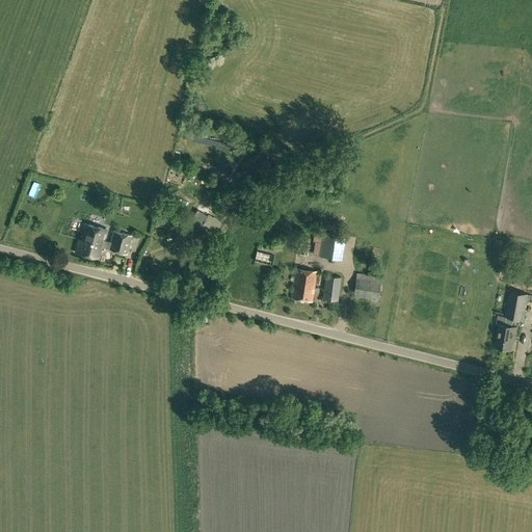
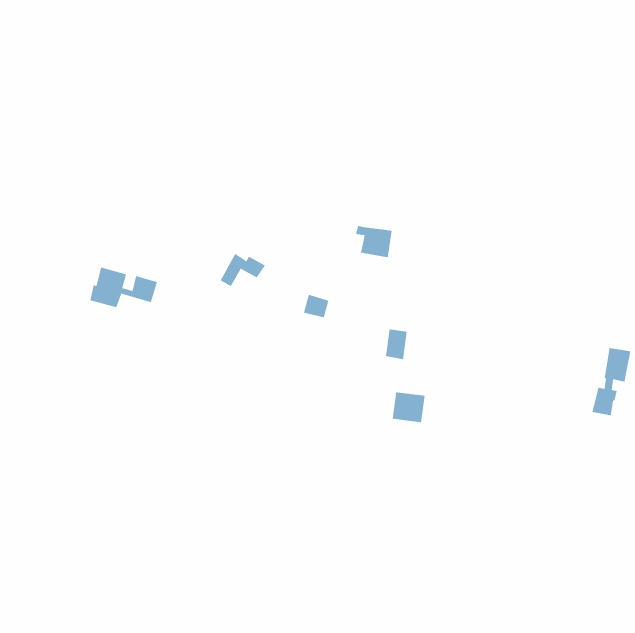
building: [313,233,344,260] -> [355,225,392,258]
building: [291,269,318,302] -> none
building: [353,274,381,300] -> [392,392,425,423]

